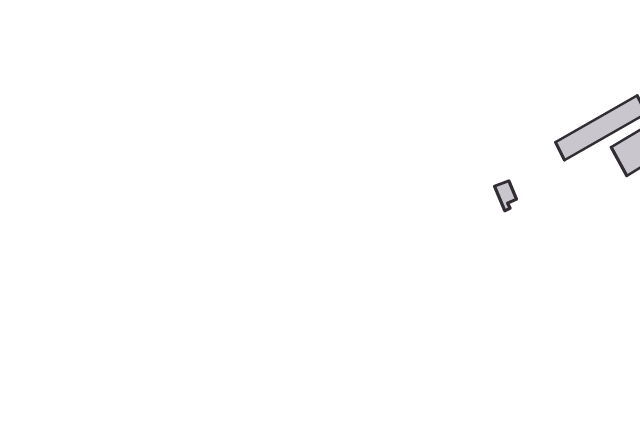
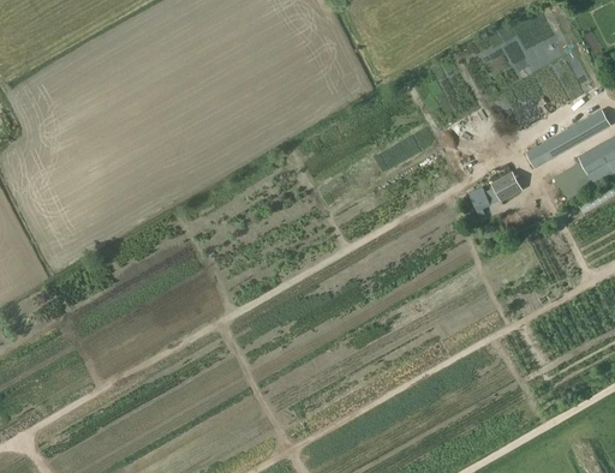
building: none -> [490,169,523,200]

